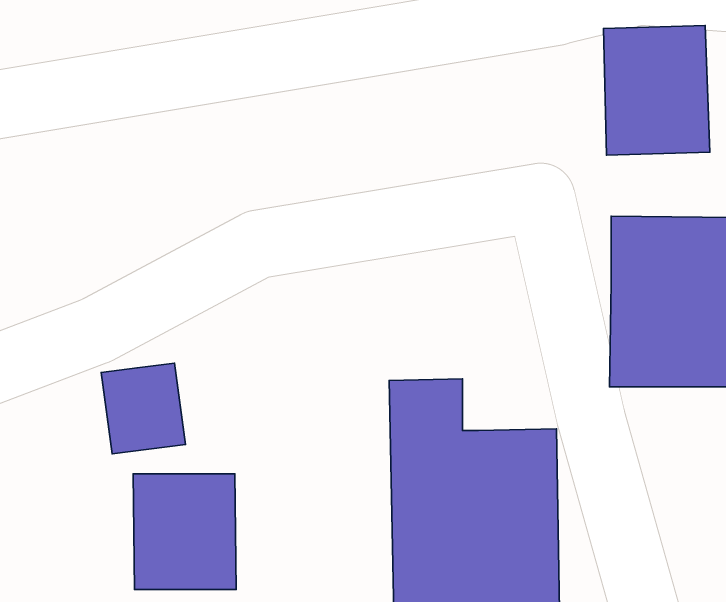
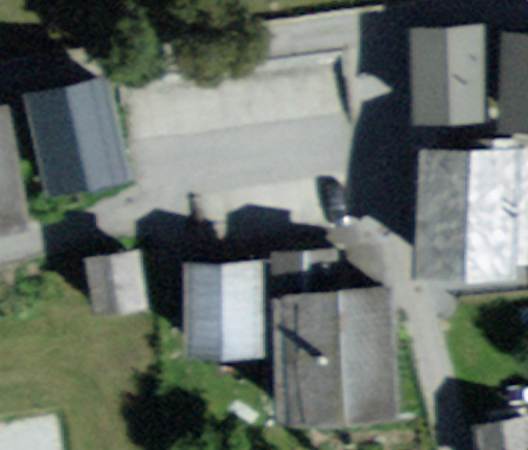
building: none -> [28,89,120,184]
building: [133,474,236,590] -> [183,276,251,352]

